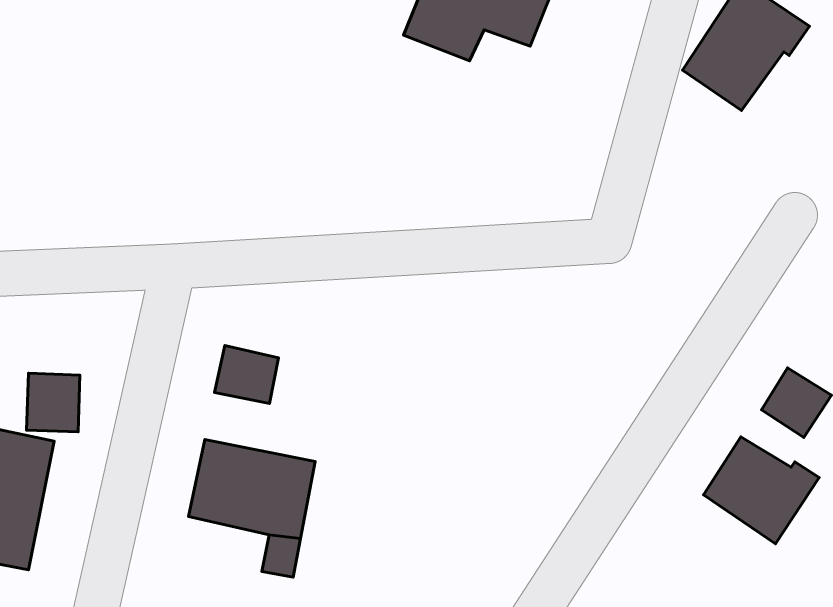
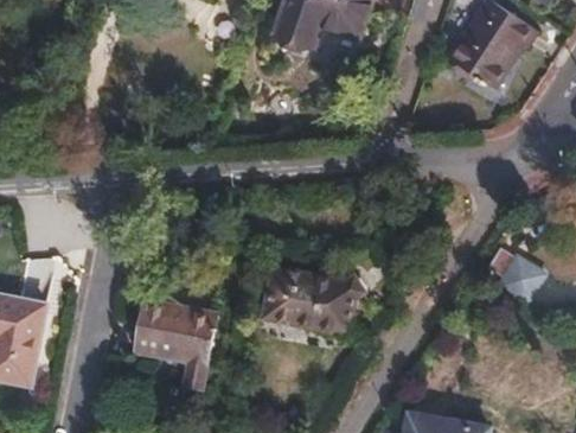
building: [214,346,279,404] -> none
building: none -> [258,267,365,338]
building: [703,437,819,544] -> none

